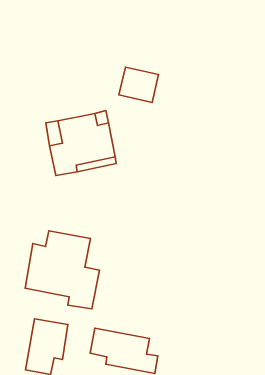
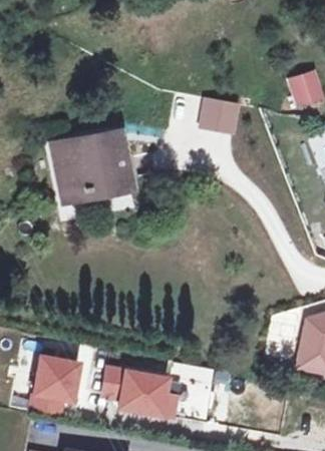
building: [119,67,159,102] -> [198,96,241,134]
building: [25,231,100,309] -> none

